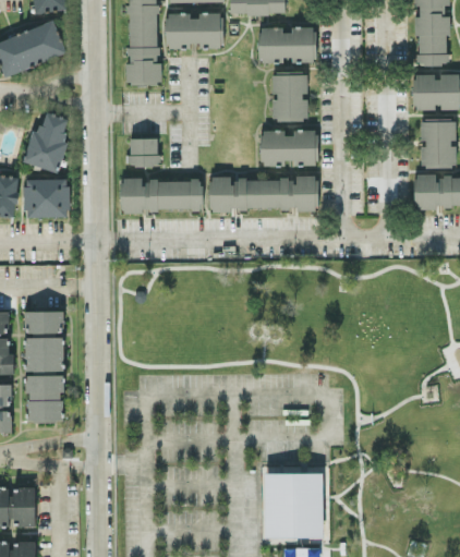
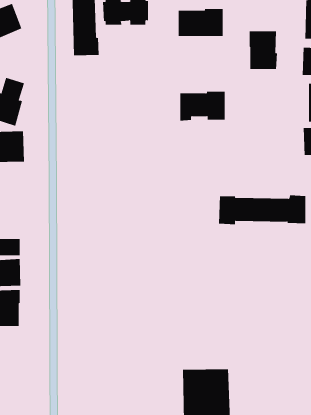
building: [271,73,307,121] -> [249,31,278,69]
building: [128,138,159,166] -> none
building: [208,175,317,213] -> [218,195,306,225]
building: [120,178,202,211] -> none

